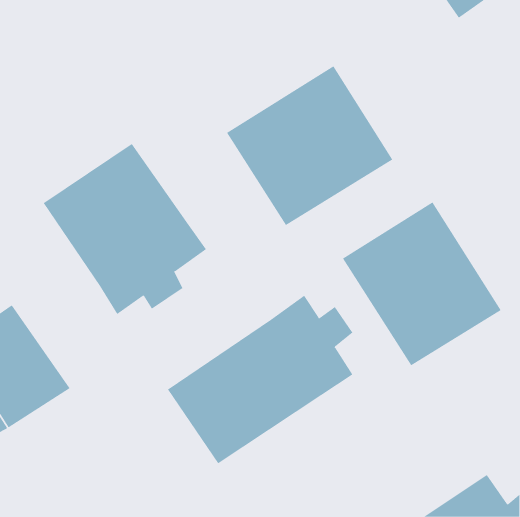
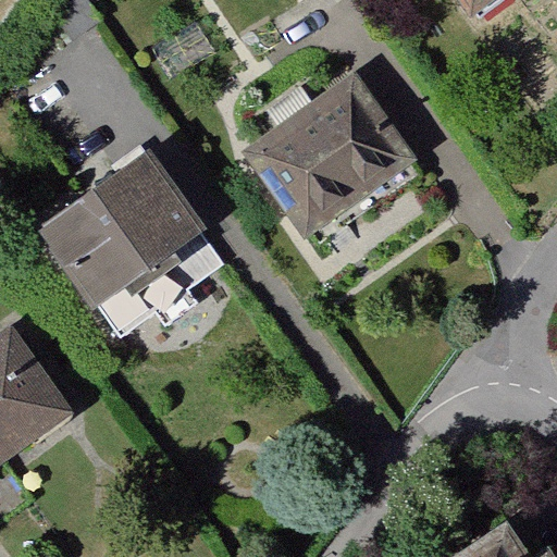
building: [342,201,501,366] -> none
building: [167,295,353,464] -> none

